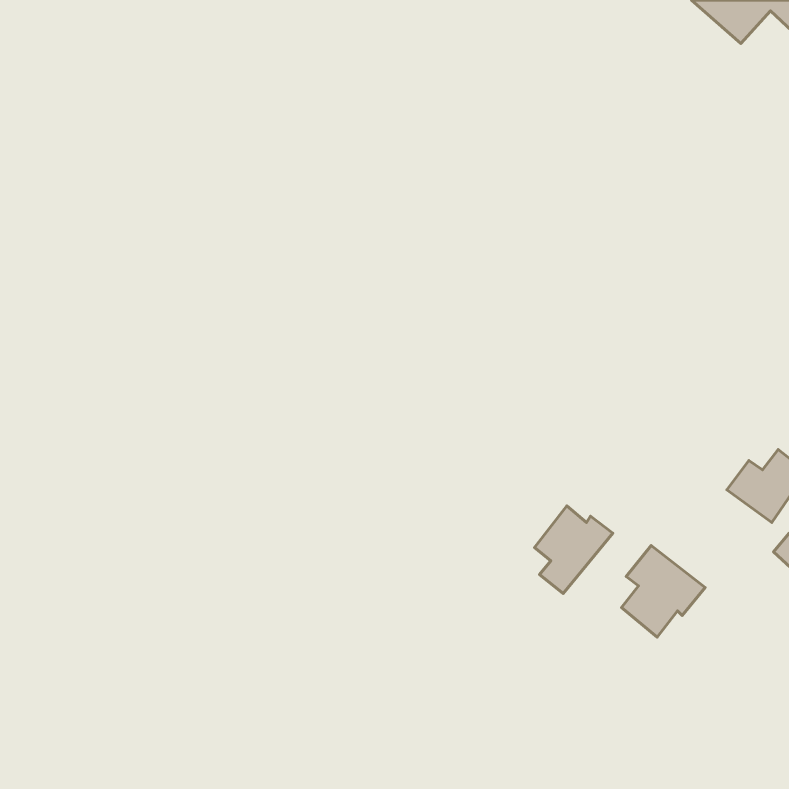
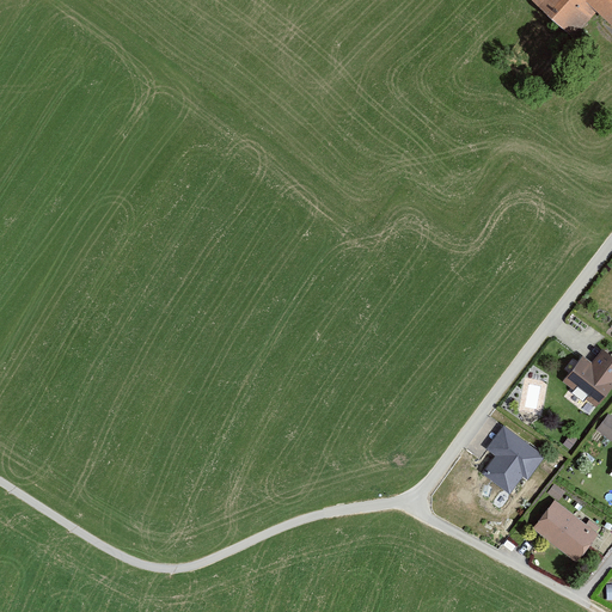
building: [534,506,613,594] -> none
building: none -> [533,500,599,561]

